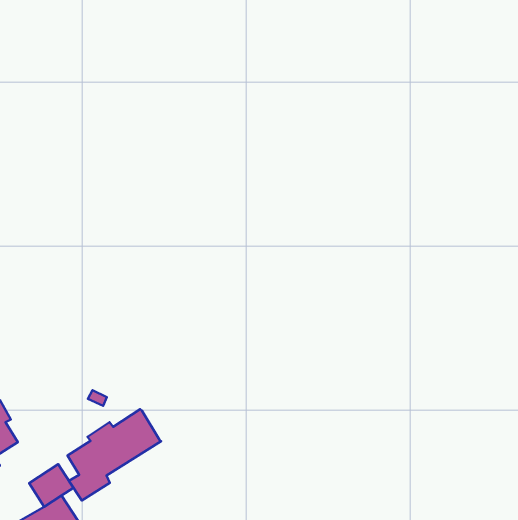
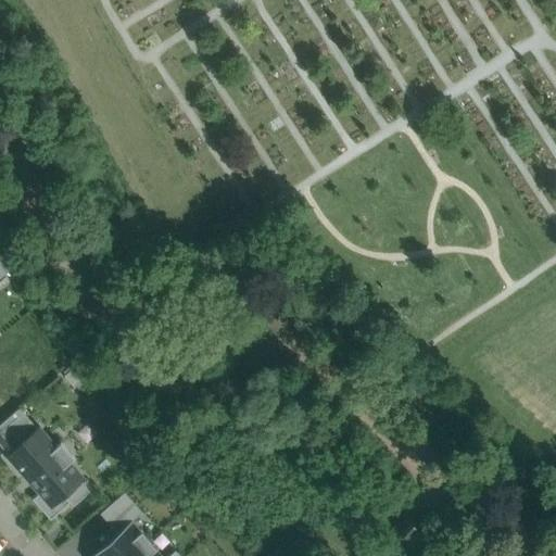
building: [67,409,161,500] -> none

